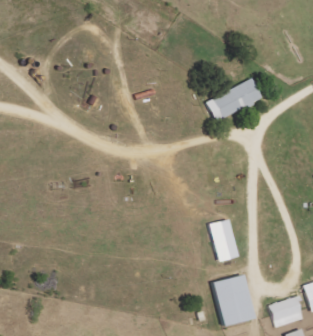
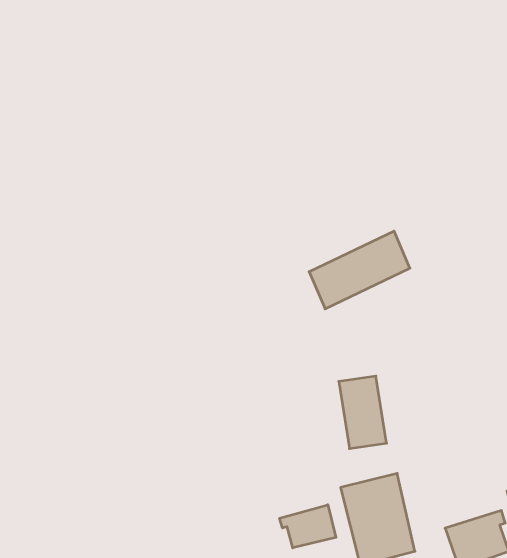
building: [206,78,263,122] -> [309,231,410,309]
building: none -> [280,505,336,548]

